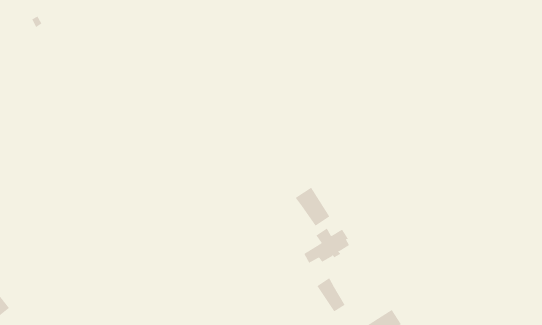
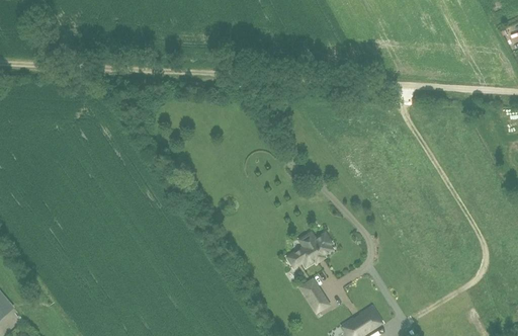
building: [295,187,330,227] -> none

